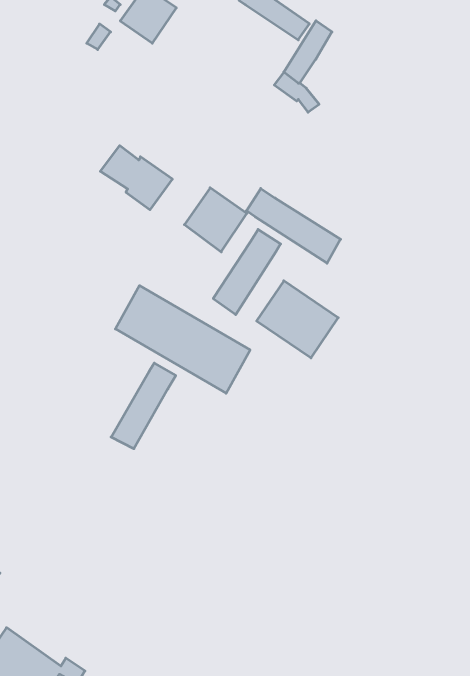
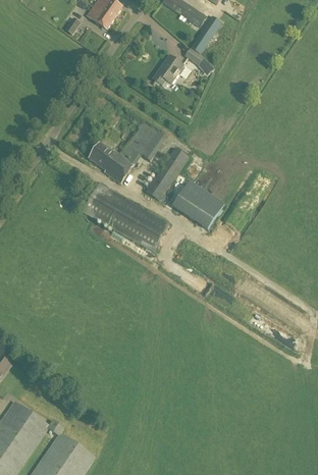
building: none -> [152,54,183,85]
building: [100,146,172,210] -> [88,142,134,182]
building: [246,188,341,263] -> none
building: [111,363,176,449] -> none

